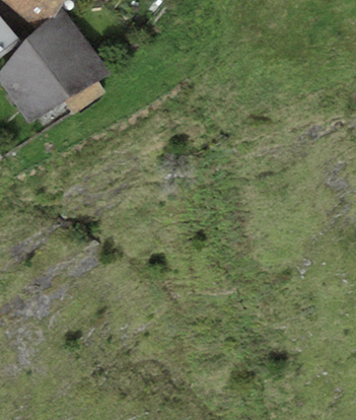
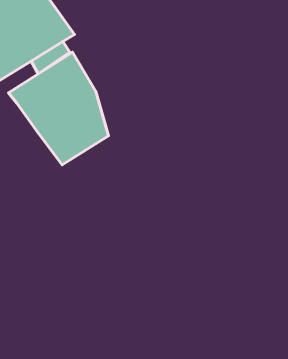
building: none -> [9,52,108,165]

